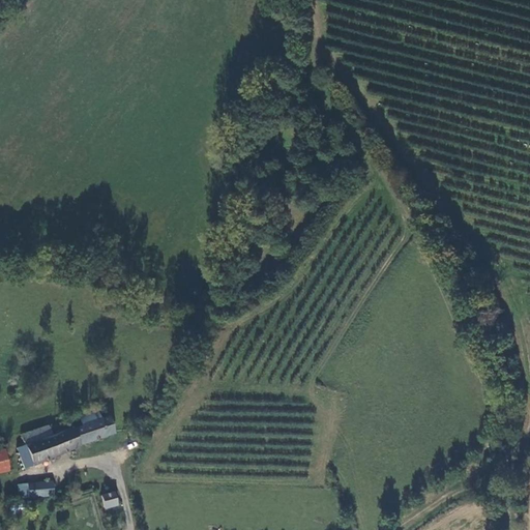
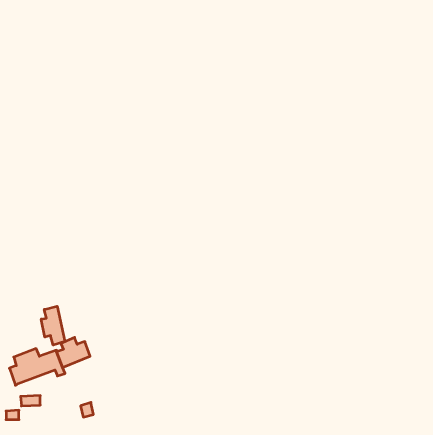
building: none -> [41,306,65,345]

